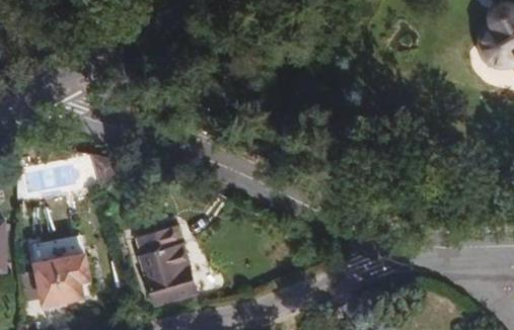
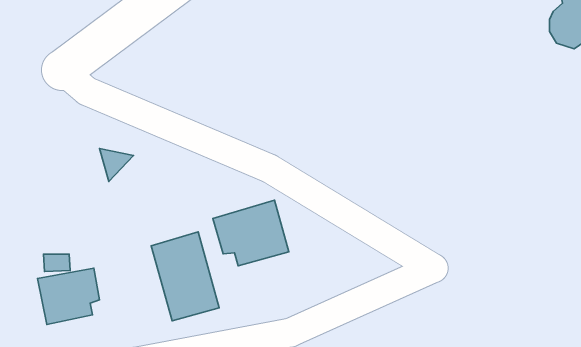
building: none -> [213,200,289,266]

